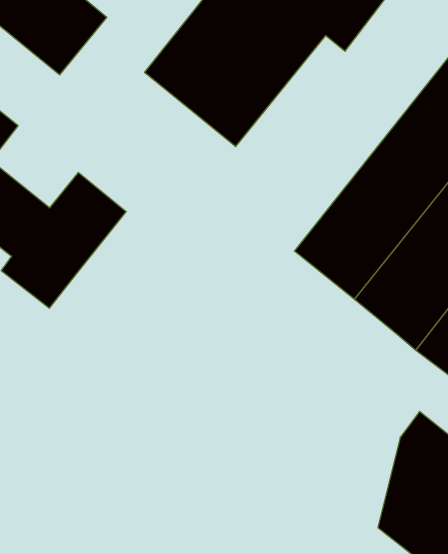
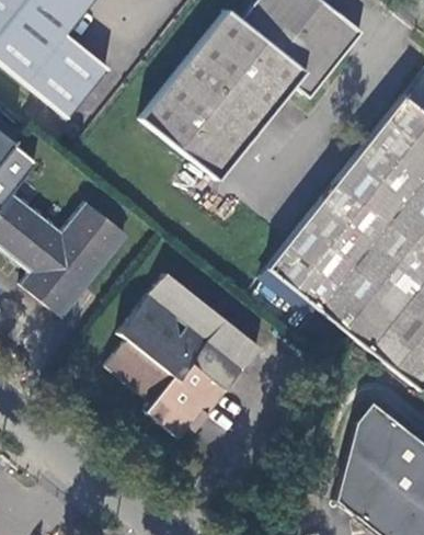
building: none -> [106,272,260,436]

